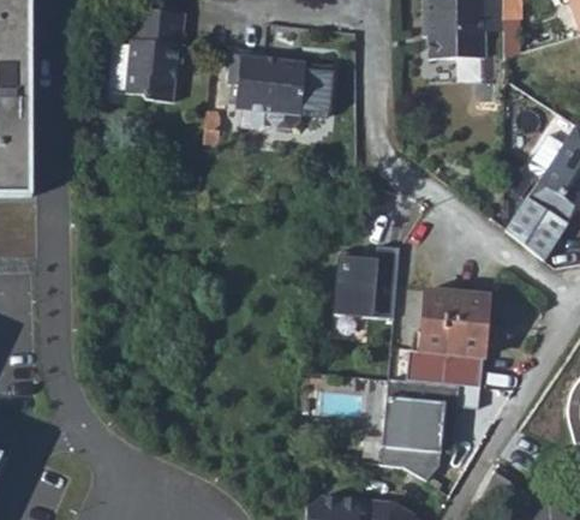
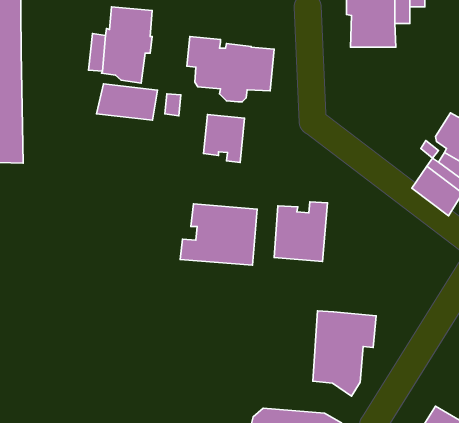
building: none -> [97,84,158,120]
building: none -> [203,115,244,163]
building: none -> [180,204,257,265]
building: [406,291,485,385] -> none

